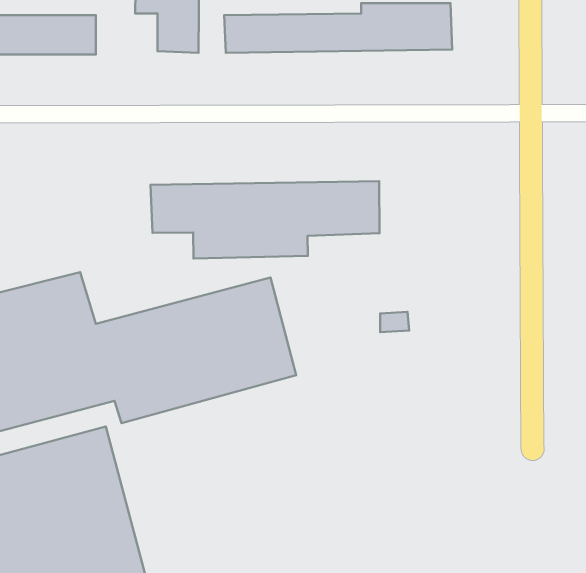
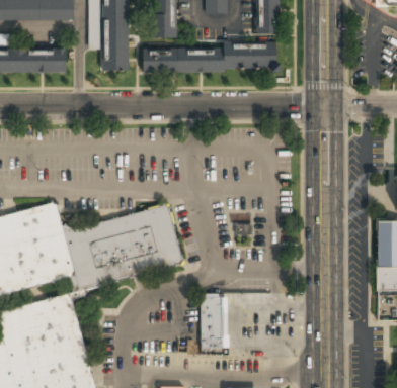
building: [150,181,380,258] -> none
building: none -> [200,298,223,350]

